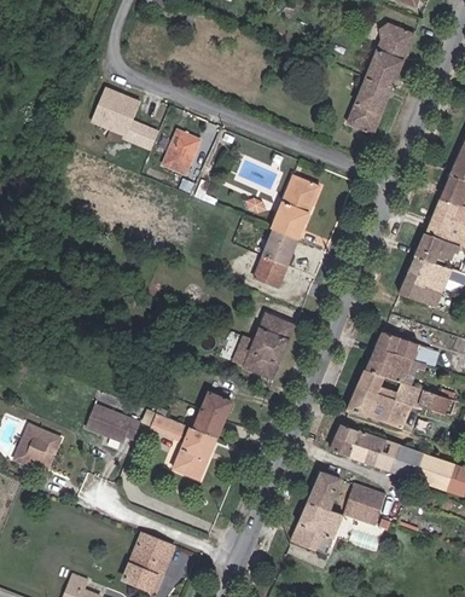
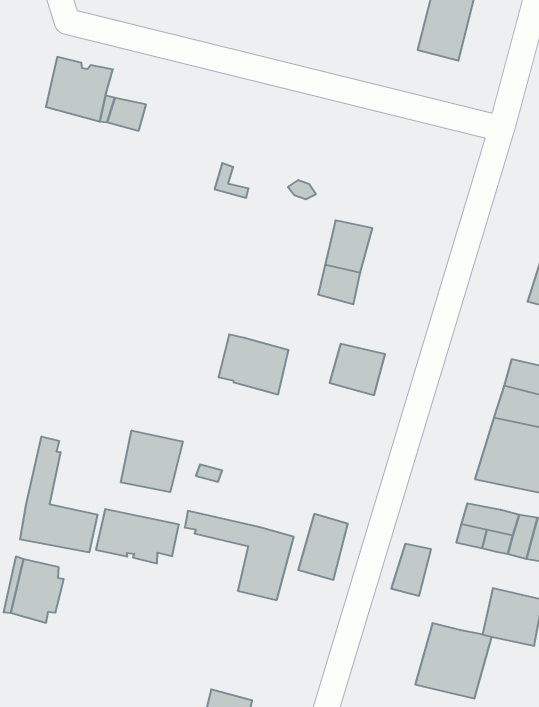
building: [163,127,199,169] -> none
building: [271,169,319,232] -> none
building: [236,329,285,373] -> [218,334,289,394]
building: none -> [20,436,97,552]
building: none -> [121,430,183,492]
building: [196,387,233,433] -> [298,514,348,580]
building: [304,474,335,510] -> [391,544,431,596]

